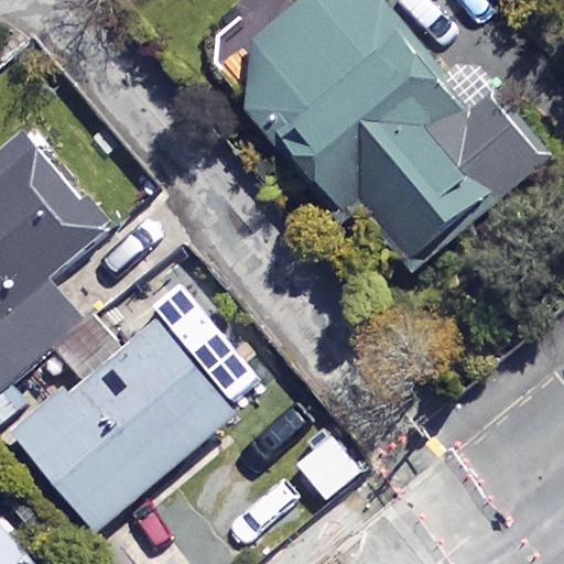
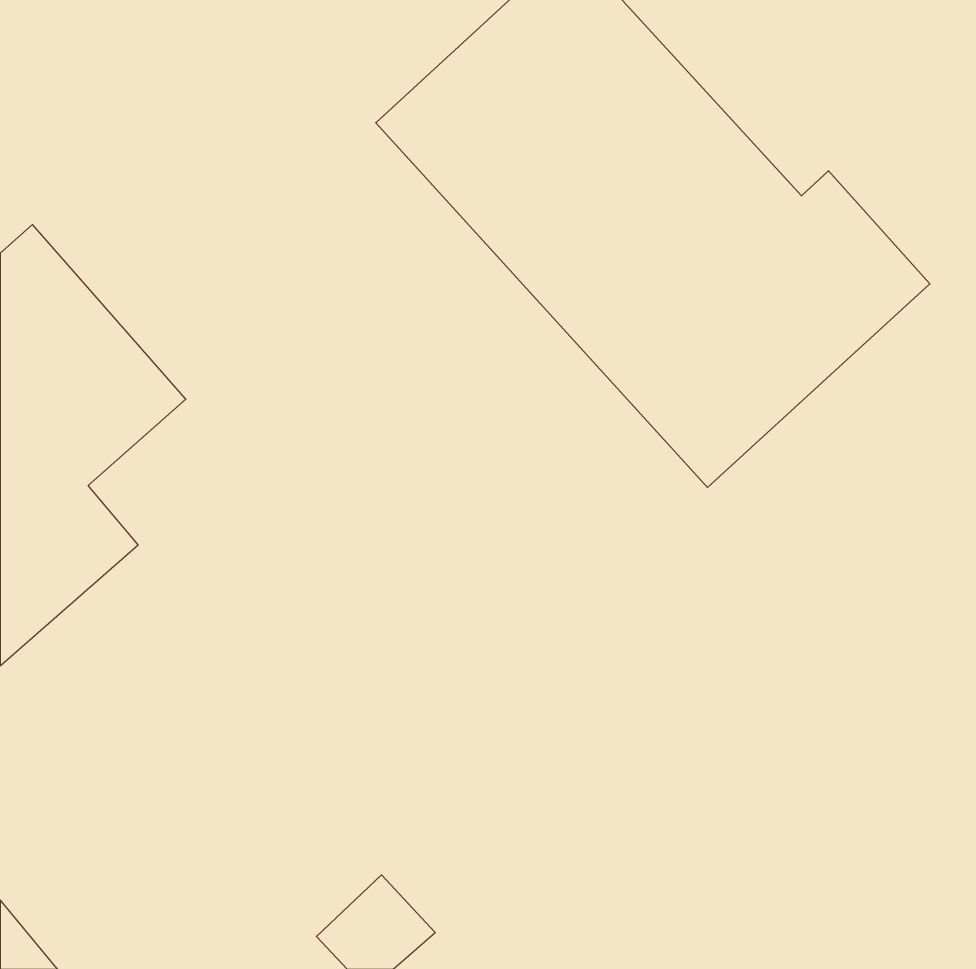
building: [17,311,231,527] -> none

